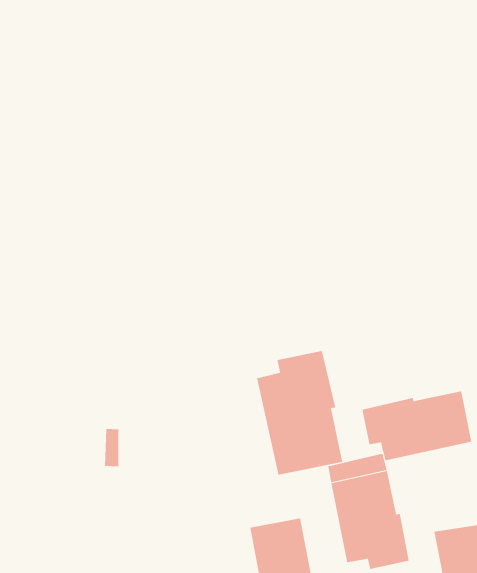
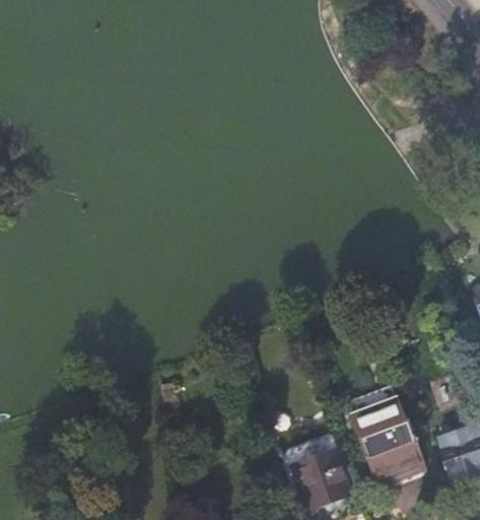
building: [256,350,343,475] -> none
building: [362,391,472,461] -> none

